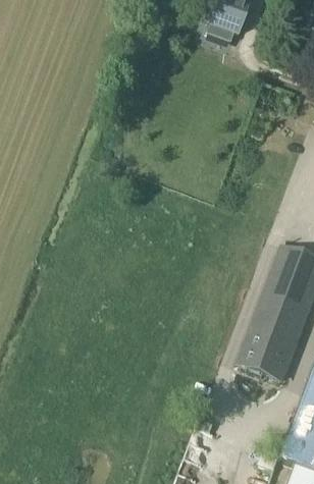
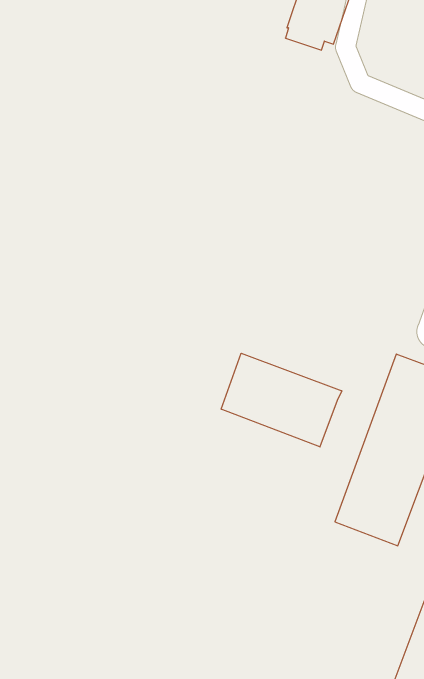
building: none -> [221,353,342,447]

